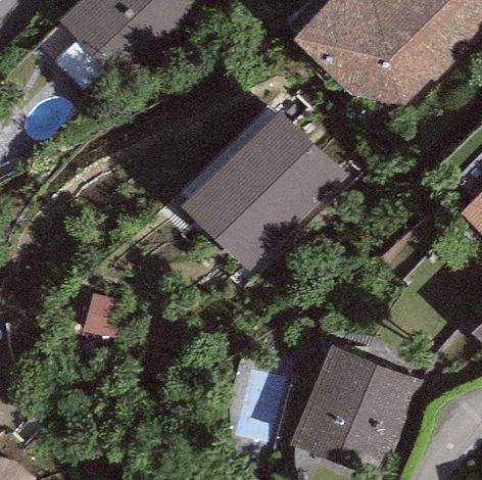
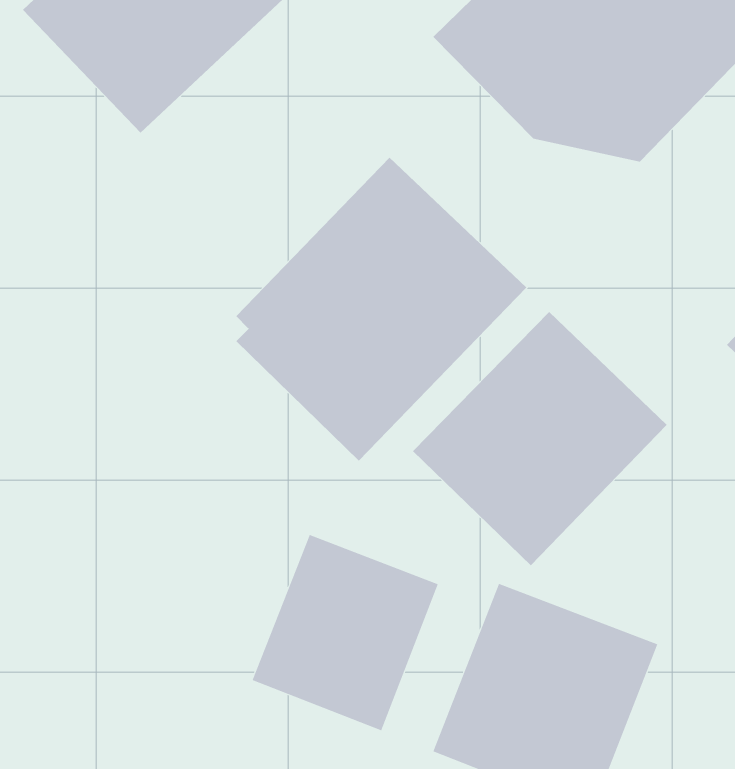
building: none -> [412,311,667,566]
building: none -> [252,534,438,731]

